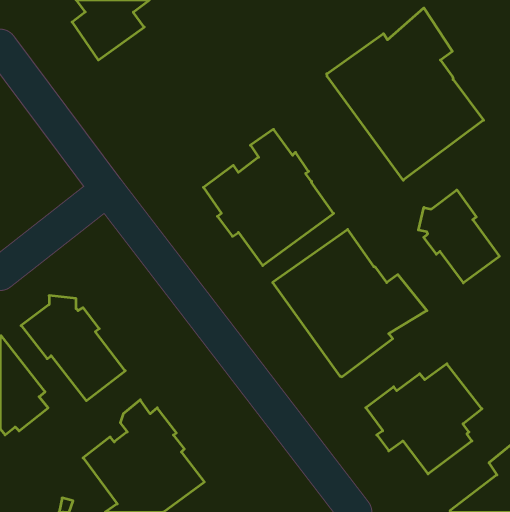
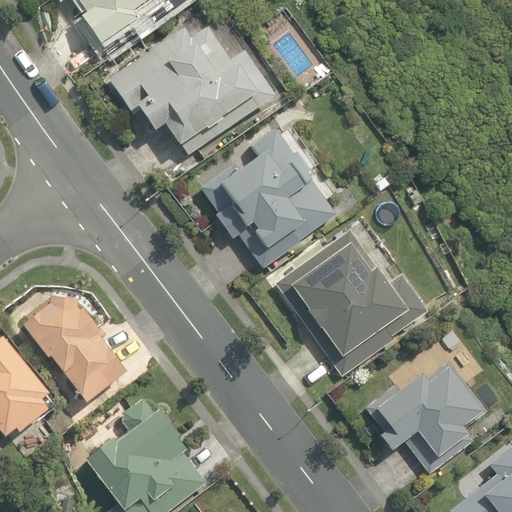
building: [327,8,484,180] -> none
building: none -> [109,27,275,154]
building: [418,190,499,283] -> none

